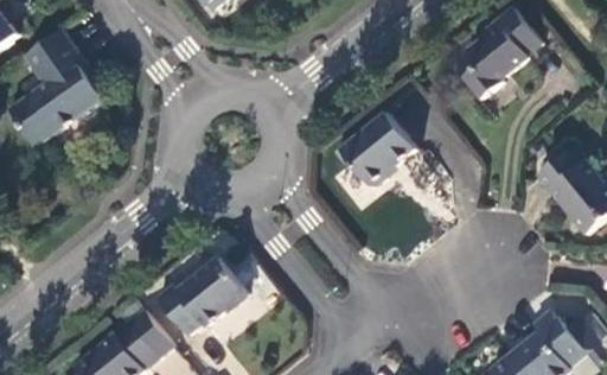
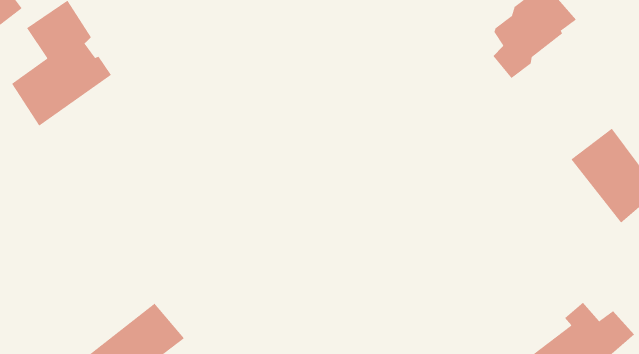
building: [336,113,414,186] -> none
building: [160,259,248,333] -> none

